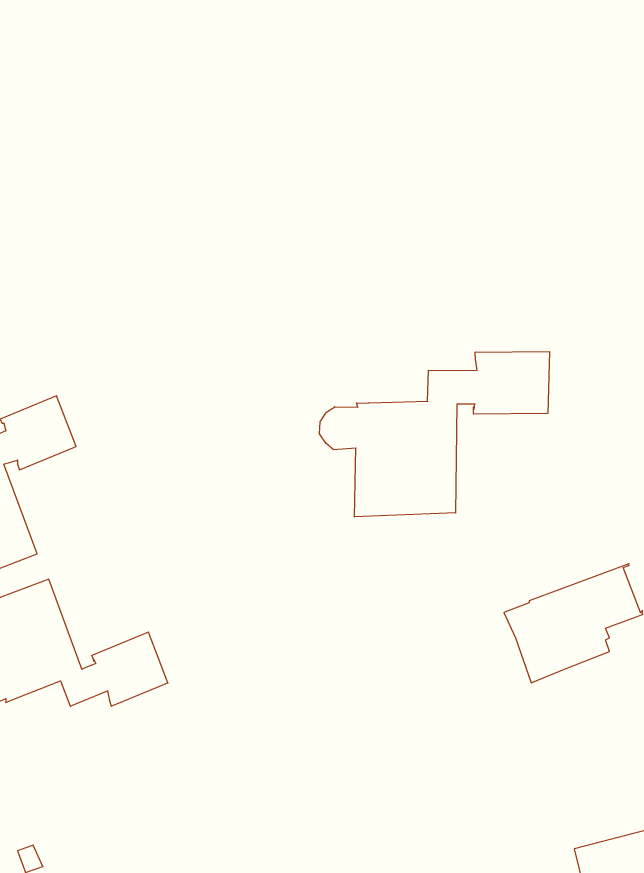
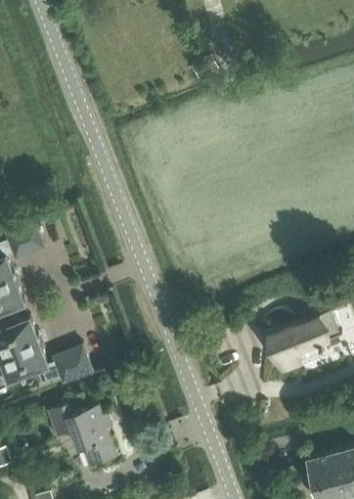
building: [320,352,549,517] -> none
building: none -> [47,405,117,467]

